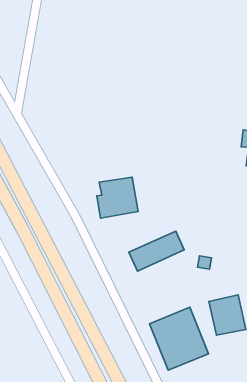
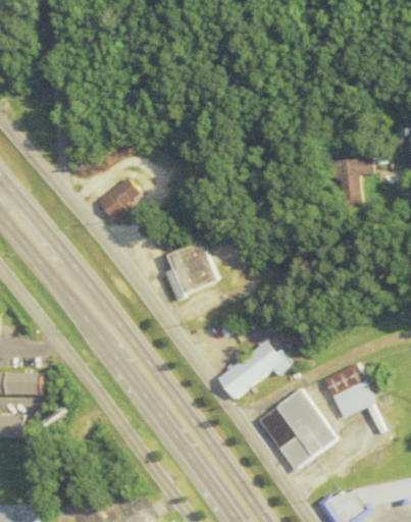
building: none -> [98,177,135,220]
building: [129,231,184,271] -> [217,342,285,399]

